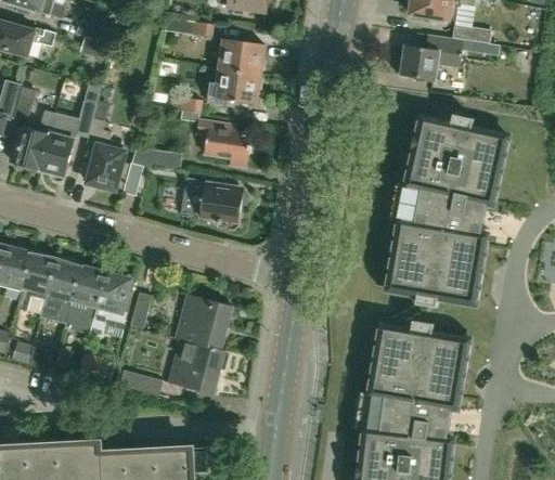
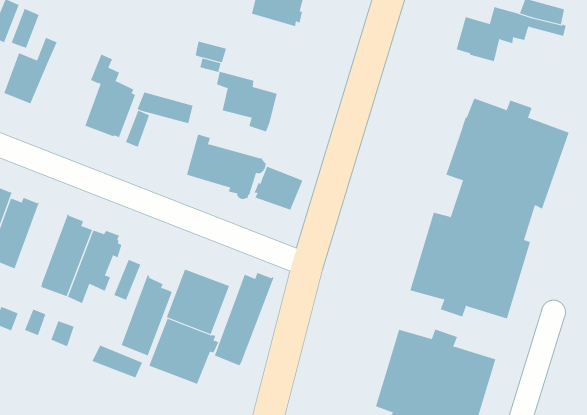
building: [206,67,261,104] -> none
building: [38,83,102,181] -> none
building: none -> [254,166,303,210]
building: [41,252,81,323] -> [121,275,174,356]
building: none -> [214,272,274,366]

